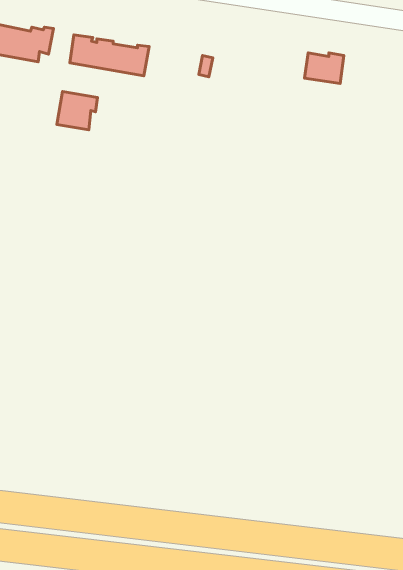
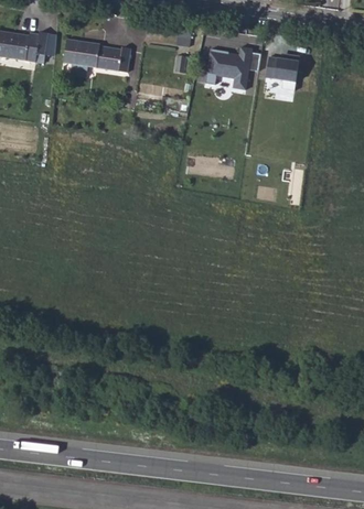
building: none -> [202,46,260,88]
building: [57,91,97,130] -> none

